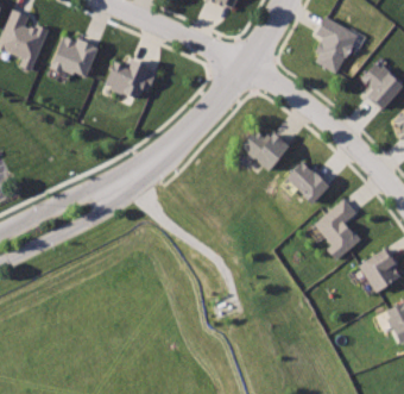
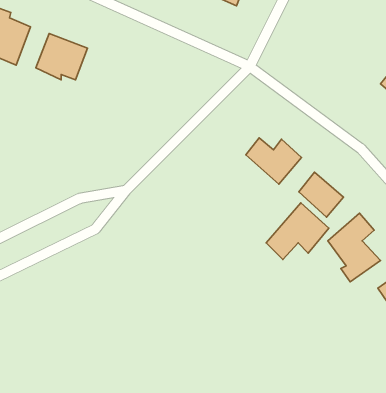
building: [313,17,359,74] -> none
building: [106,60,158,99] -> none
building: none -> [266,203,329,260]

